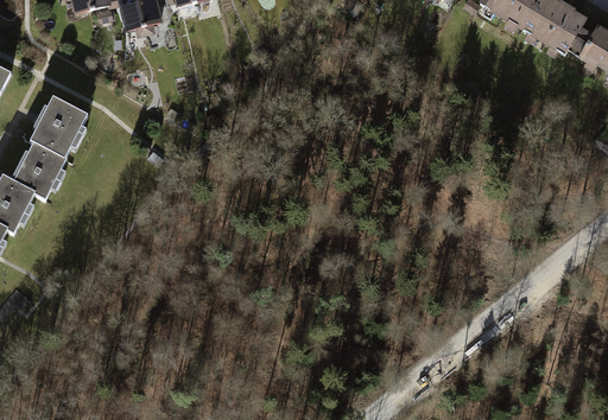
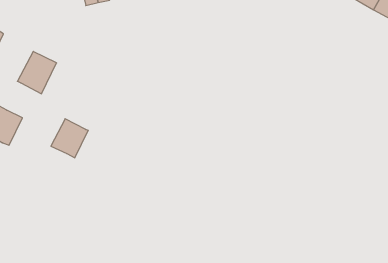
building: [13,142,66,198] -> [51,119,88,158]

